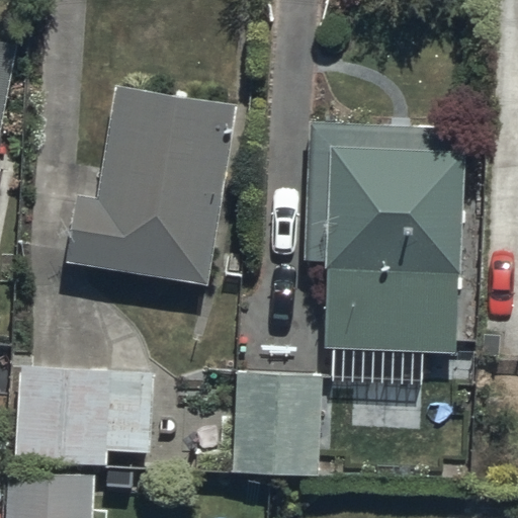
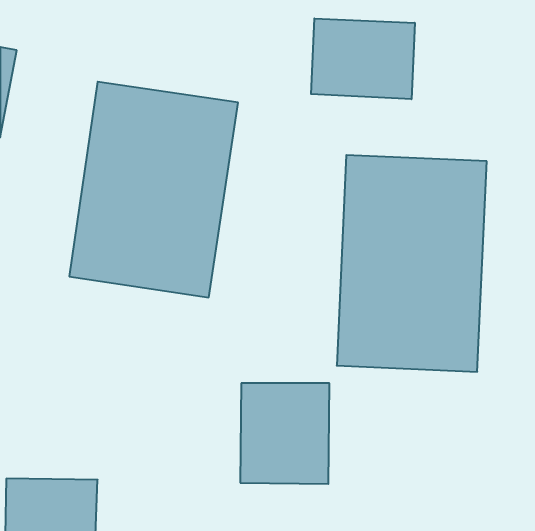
building: none -> [311,18,415,99]
building: [14,364,152,463] -> none

